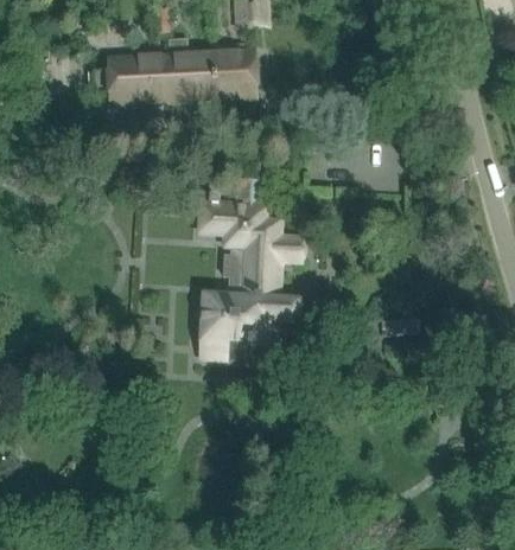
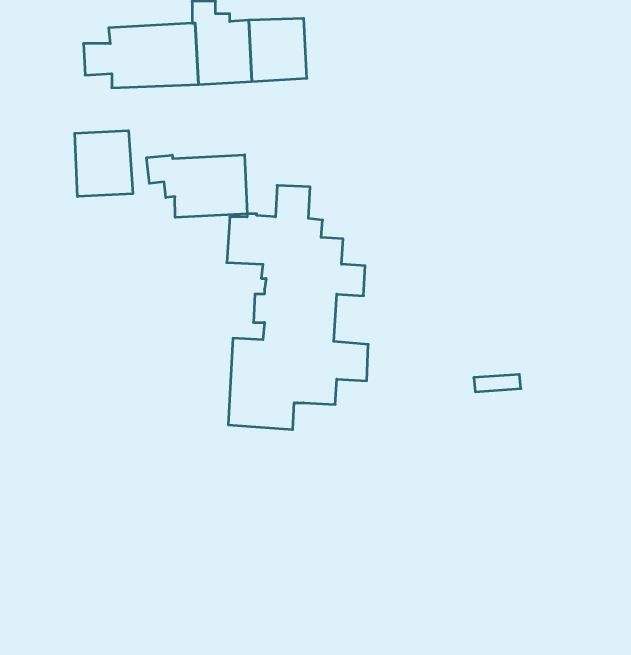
building: none -> [75,131,133,197]
building: none -> [147,155,247,217]

